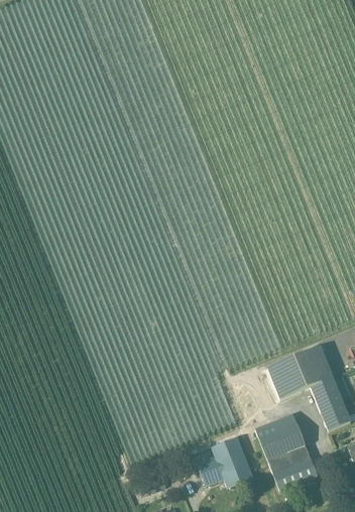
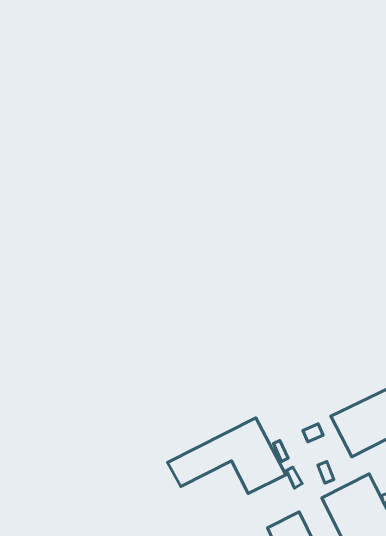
building: none -> [167,418,286,494]

